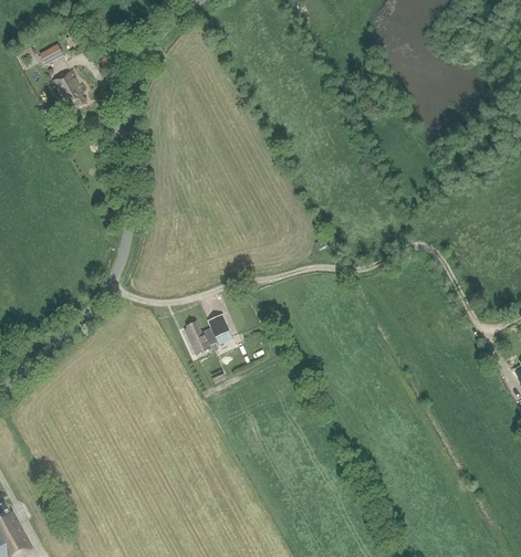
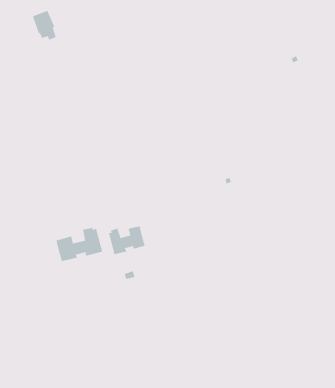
building: none -> [56,227,103,262]

